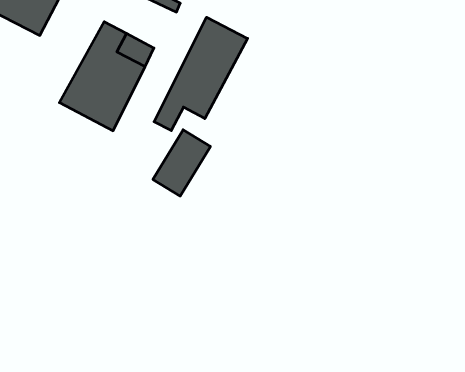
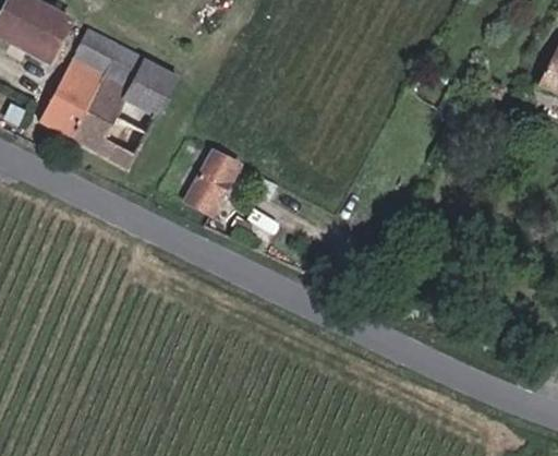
building: none -> [39,26,120,134]
building: [154,17,248,131] -> none

